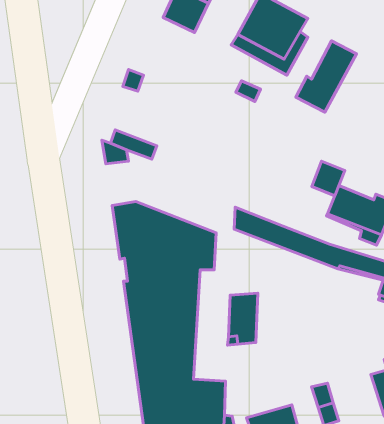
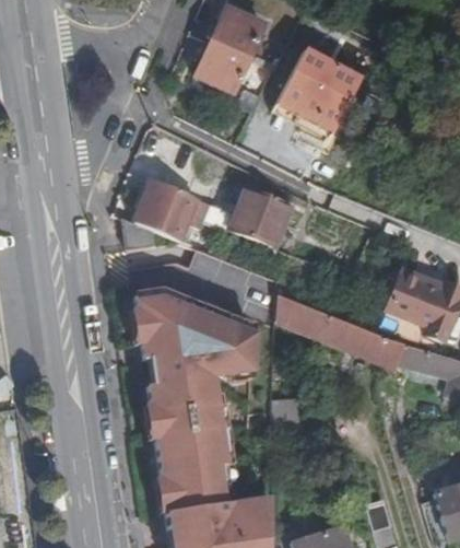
building: [296,41,356,112] -> none
building: none -> [139,182,196,225]
building: none -> [232,194,285,249]
building: [312,161,345,196] -> none

